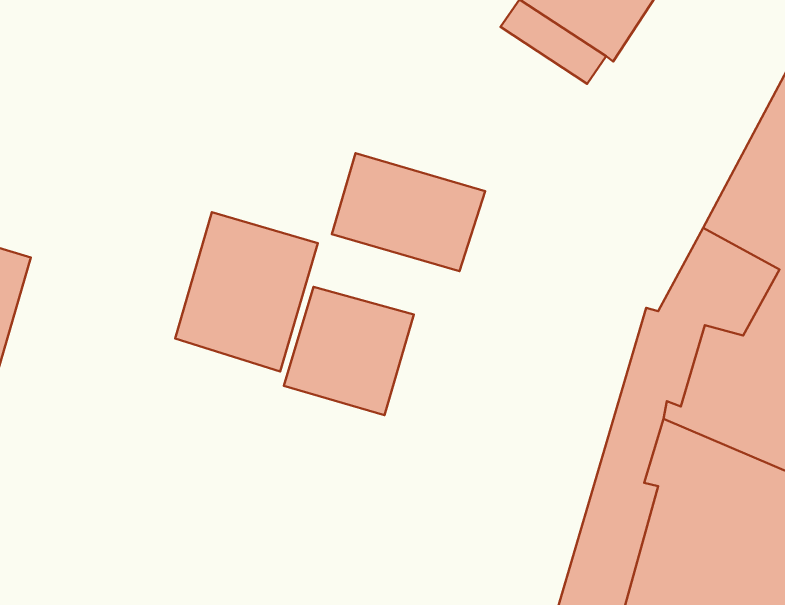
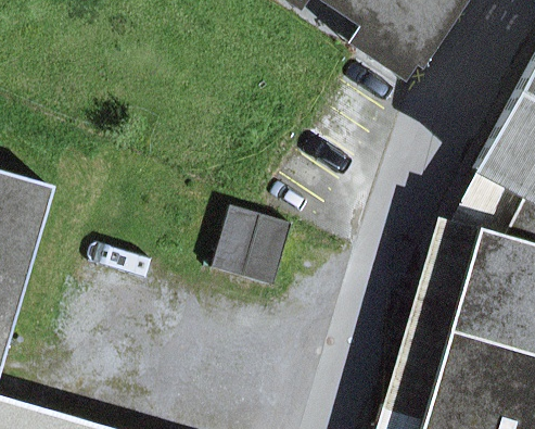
building: [332,153,485,271] -> none
building: [175,212,318,371] -> none

